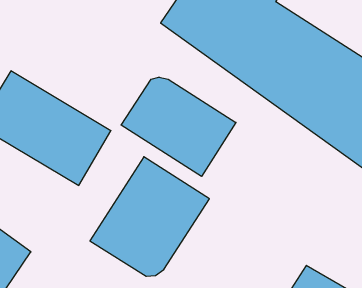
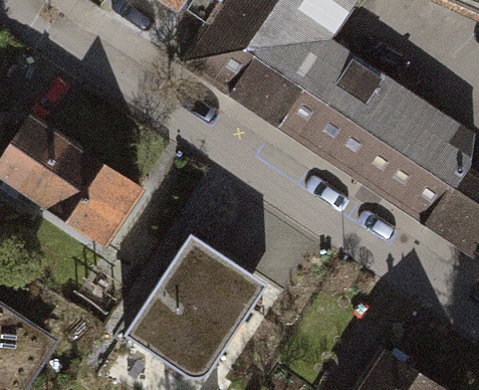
building: [121,77,236,176] -> none

